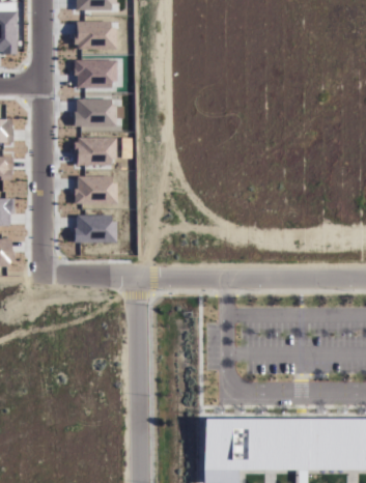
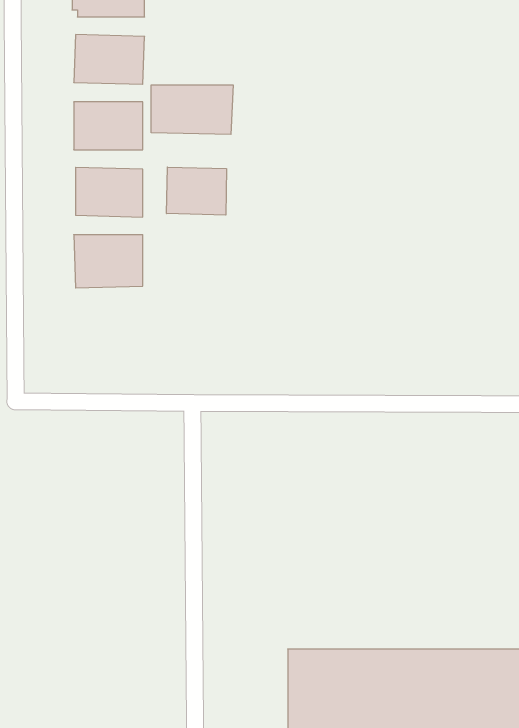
building: none -> [151,85,233,134]
building: none -> [167,167,226,215]
building: [76,215,117,243] -> none

